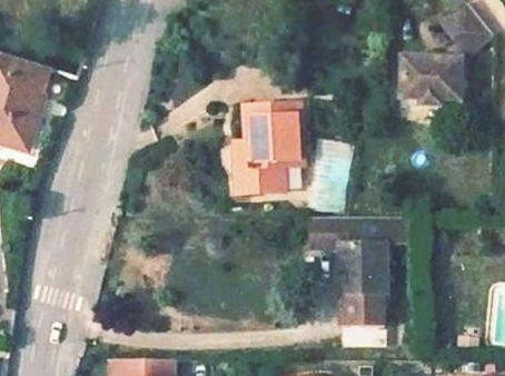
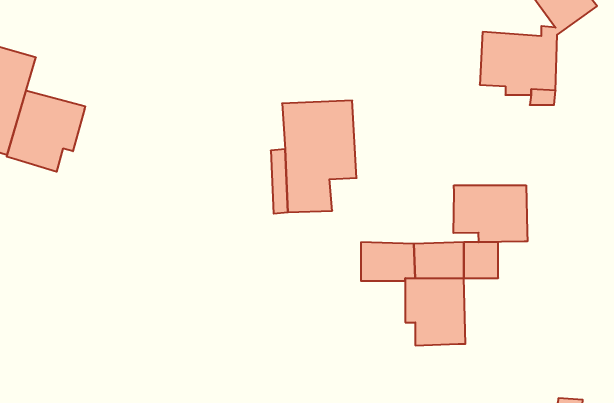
building: none -> [7,90,85,172]
building: none -> [453,185,527,242]
building: [339,296,382,324] -> none

